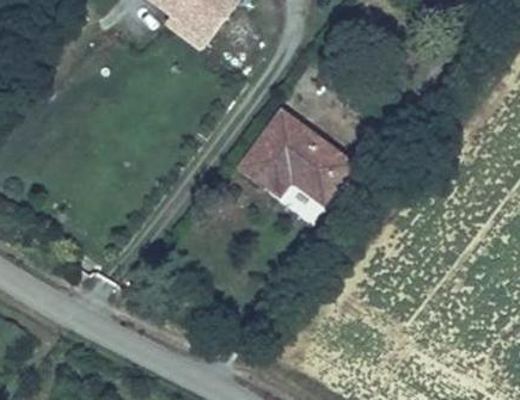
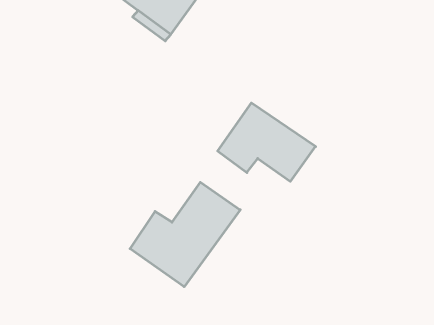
building: none -> [130,182,240,287]

